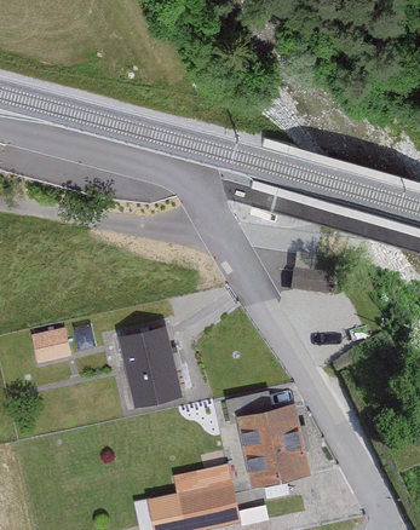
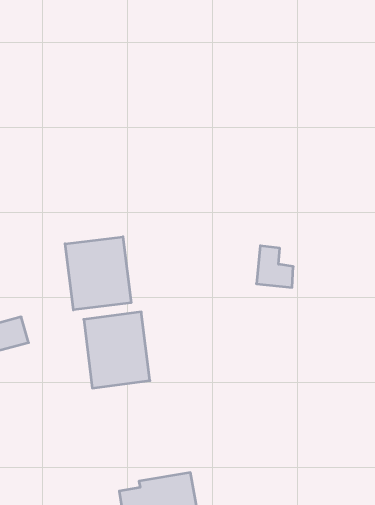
building: none -> [65,237,131,310]
building: [232,407,307,484] -> none

